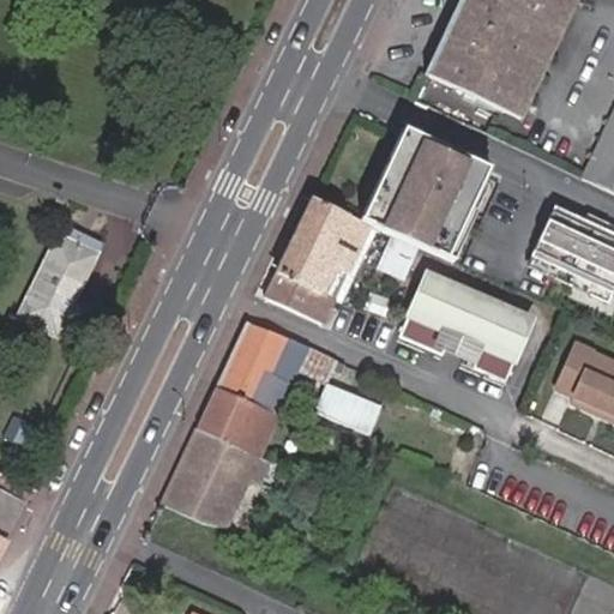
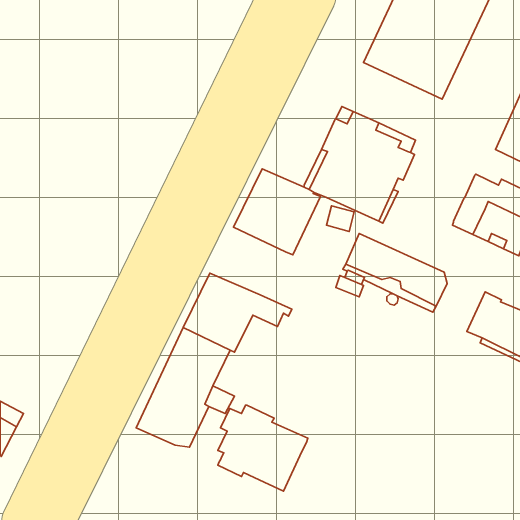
building: [19,224,103,335] -> none
building: [264,266,338,321] -> none
building: [317,383,381,432] -> none
building: none -> [218,405,308,491]

